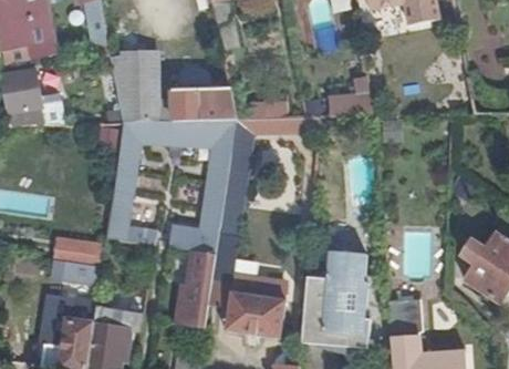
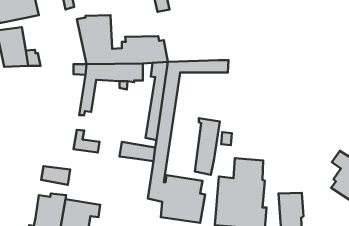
building: [328,76,374,115] -> none
building: [53,236,105,265] -> none
building: [181,249,216,327] -> [195,118,220,175]

